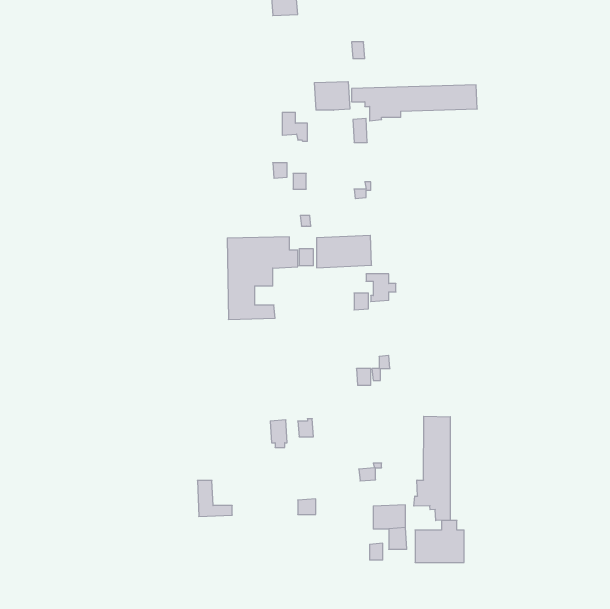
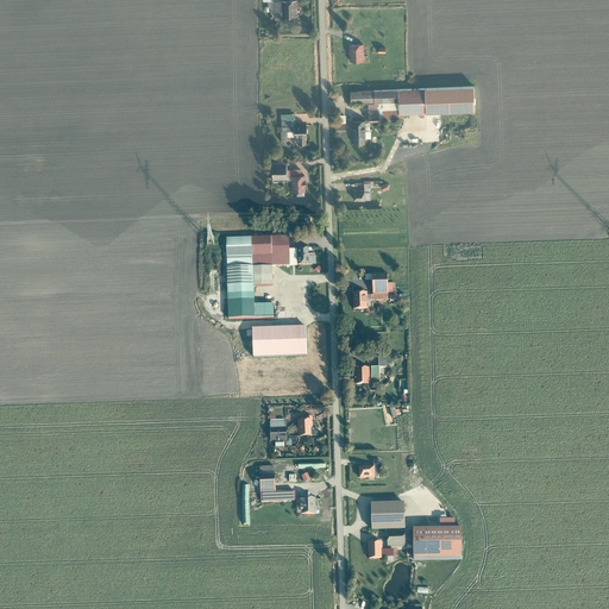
building: [314,82,350,110] -> none
building: [317,235,372,268] -> [252,324,307,356]
building: [414,416,450,521] -> none
building: [197,480,232,516] -> [259,465,294,501]

